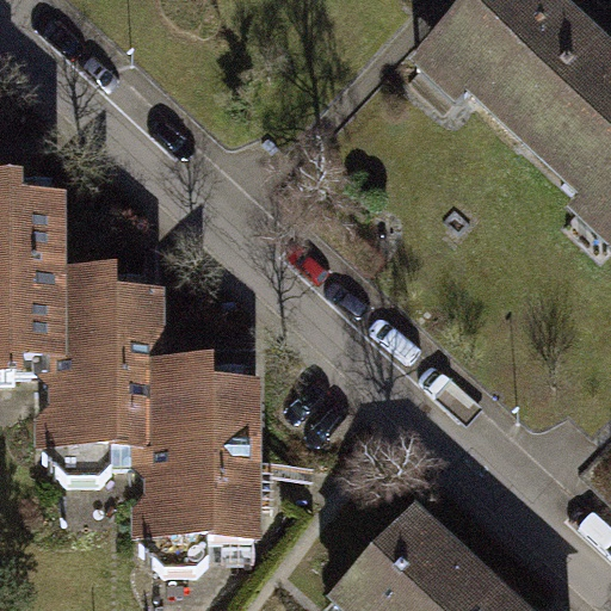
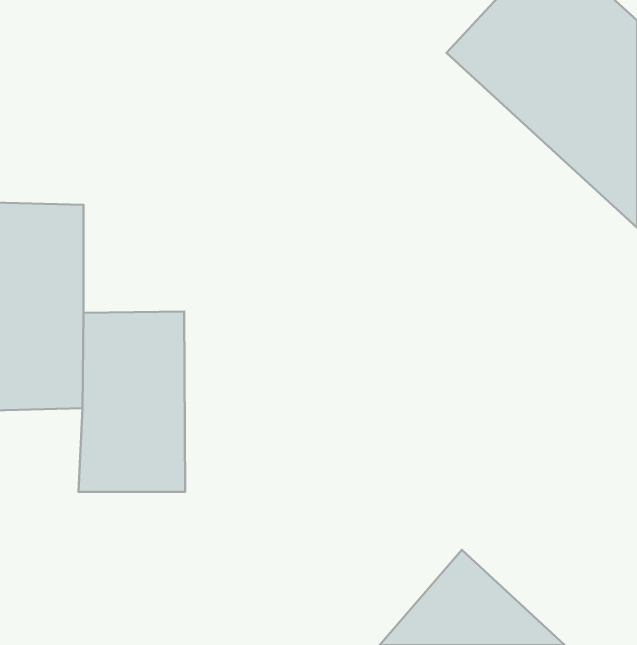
building: [171,371,269,539] -> none

